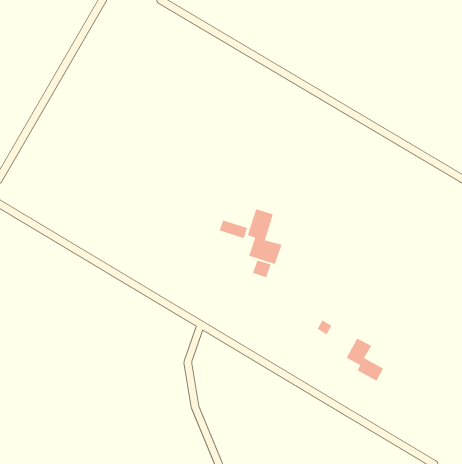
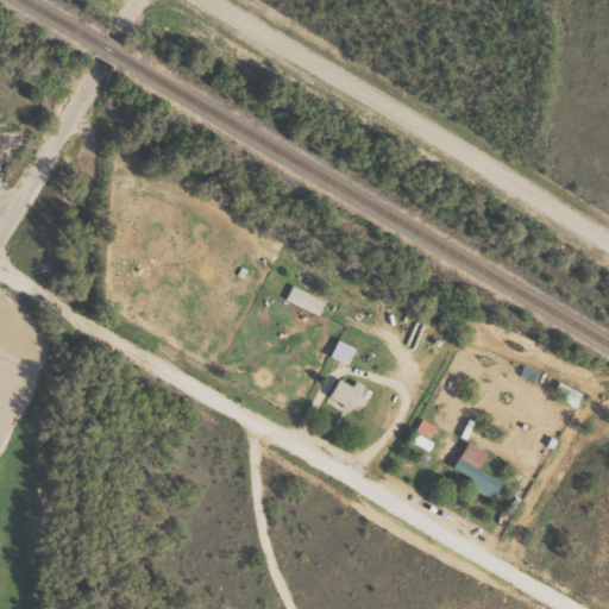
building: [247,209,282,265] -> none
building: none -> [329,379,373,410]

